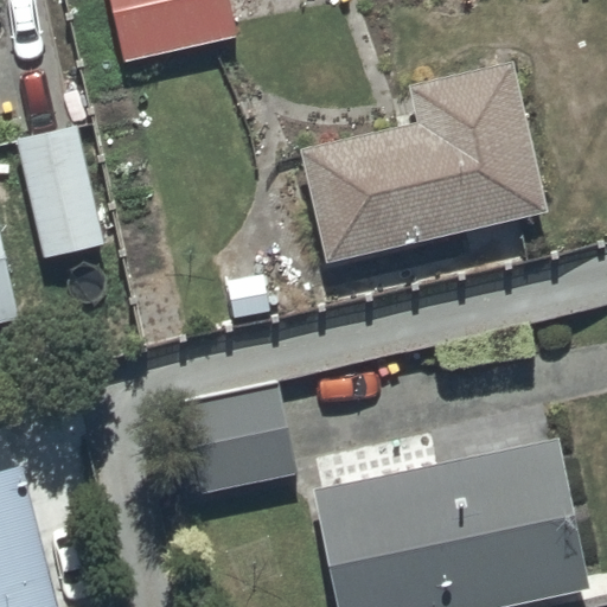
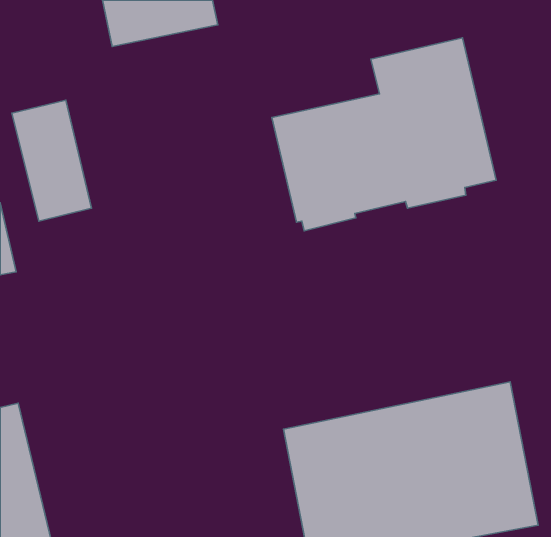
building: [181,376,296,493] -> none

